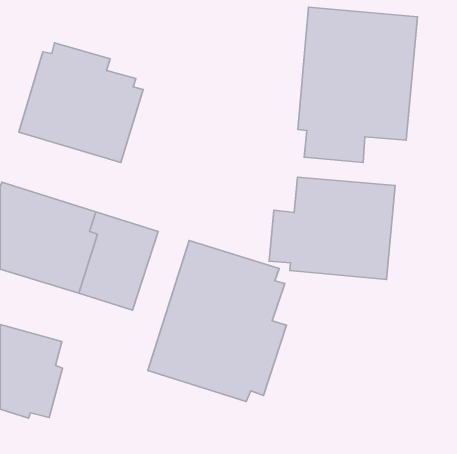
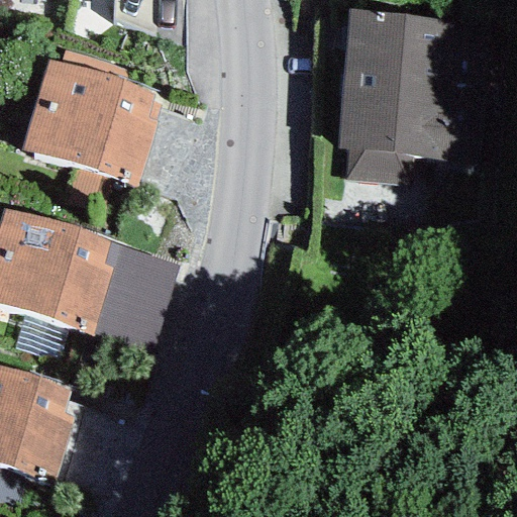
building: [269,177,395,280] -> none
building: [148,240,287,402] -> none

